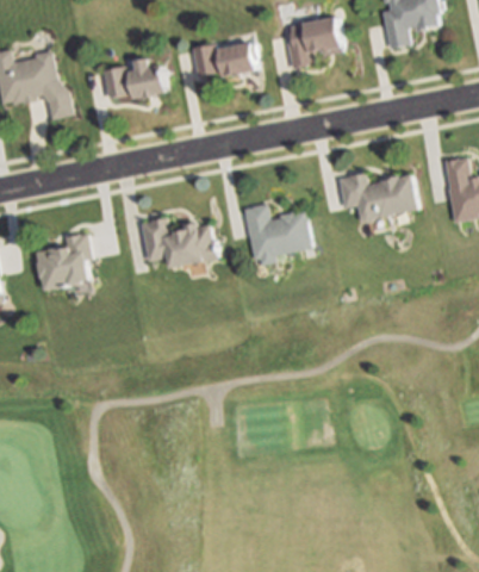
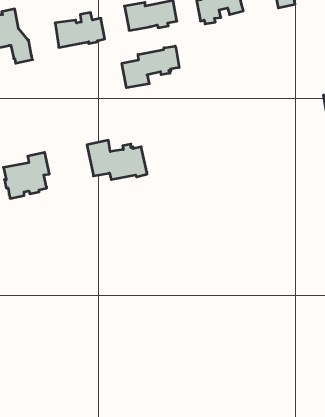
building: none -> [122,46,179,88]
building: [337,174,416,225] -> none
building: [244,205,313,267] -> none

